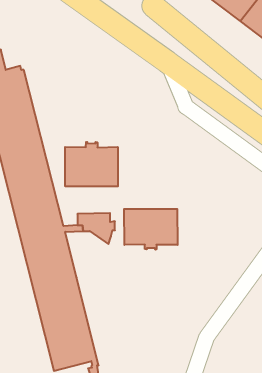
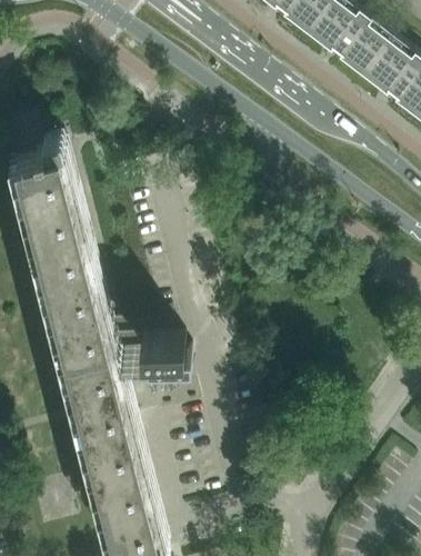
building: [65,142,118,186] -> none
building: [124,209,178,250] -> none

